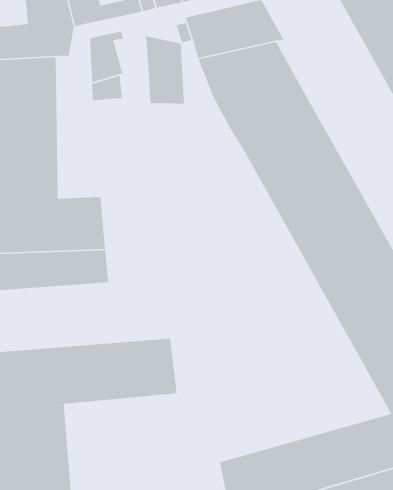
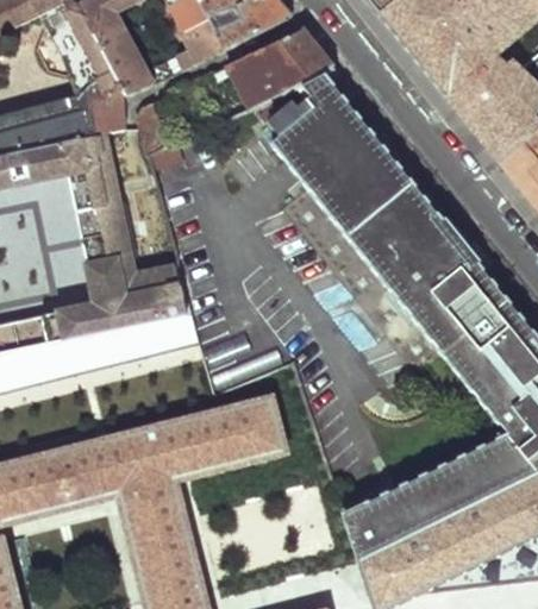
building: [145,35,185,104] -> none

